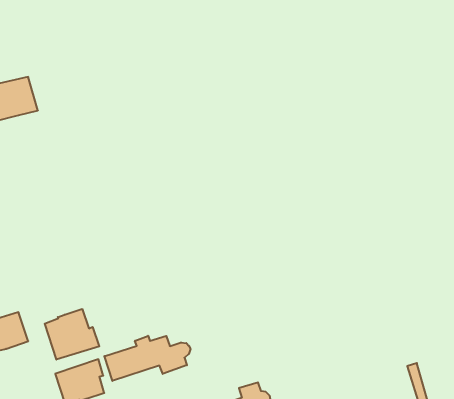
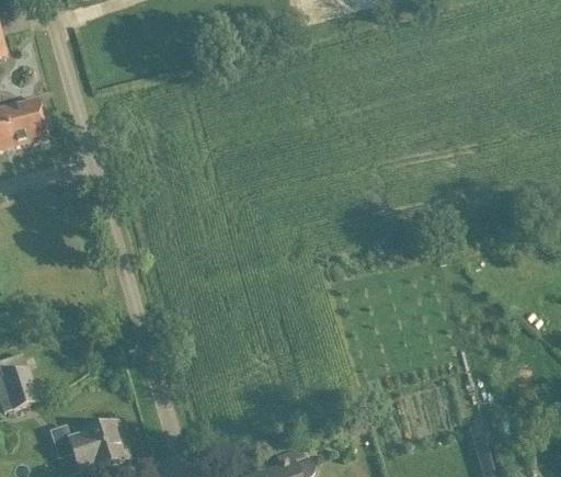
building: [45,309,99,360] -> none
building: [104,336,190,381] -> none

